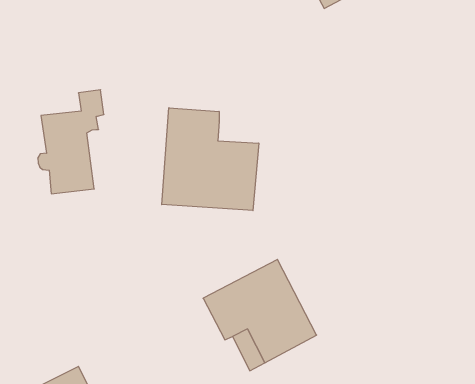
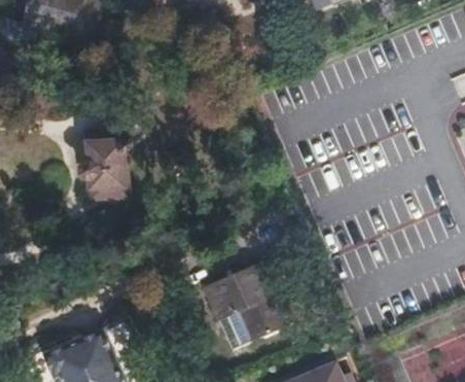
building: [162,108,259,211] -> none

